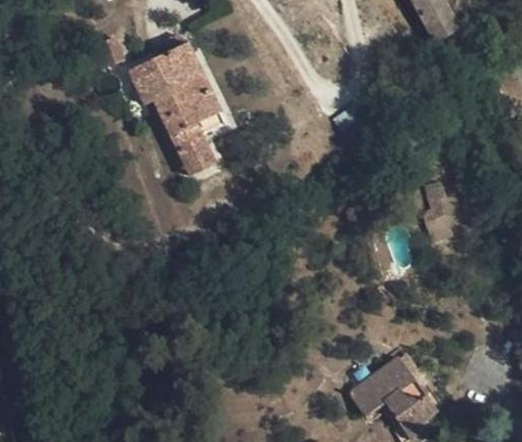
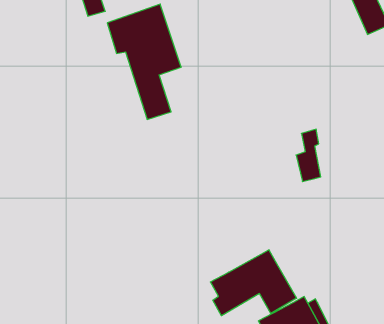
building: [424,179,455,241] -> [296,129,321,182]
building: none -> [210,250,297,316]

